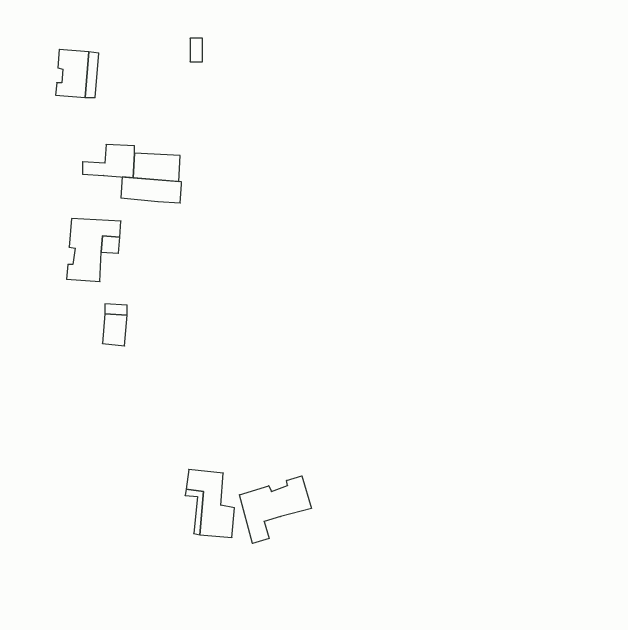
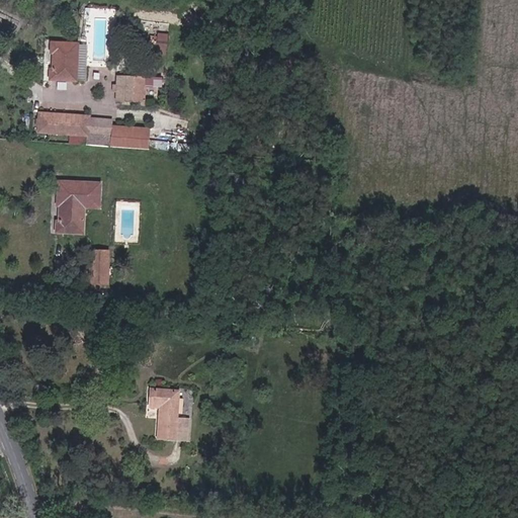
building: none -> [114,76,143,100]
building: [121,177,181,203] -> [37,112,87,134]
building: [239,476,311,543] -> none

